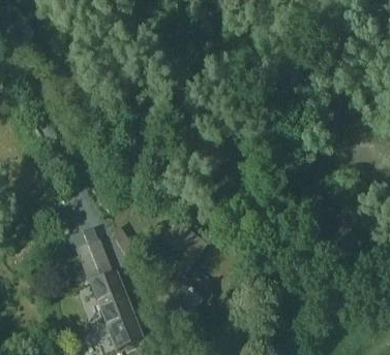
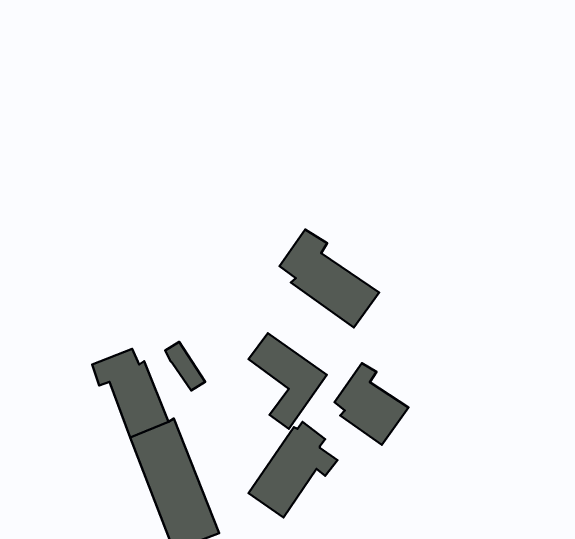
building: none -> [280,229,379,327]
building: none -> [334,363,408,445]

